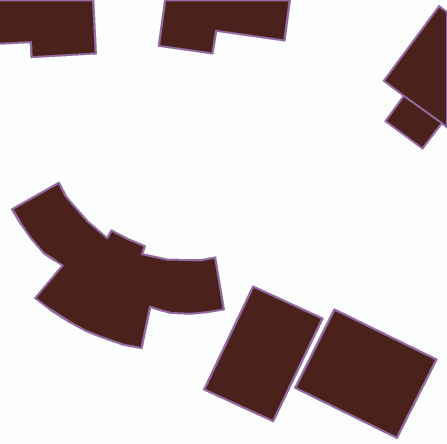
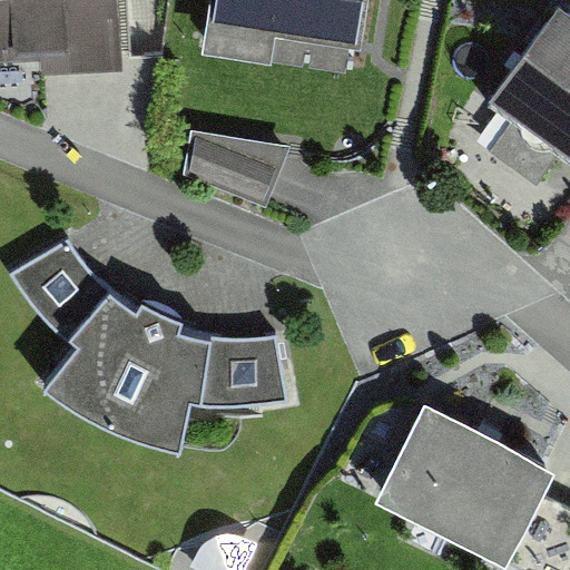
building: none -> [183,131,289,212]
building: [204,286,322,421] -> none

